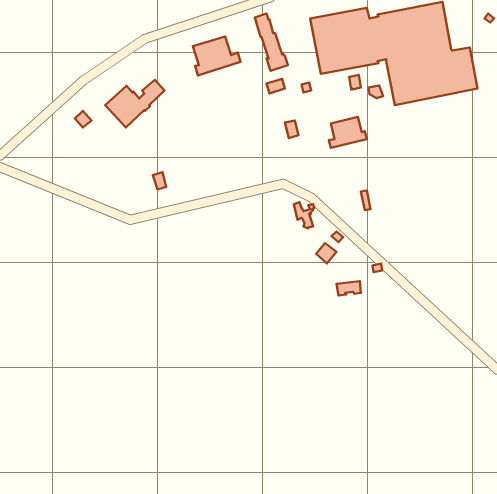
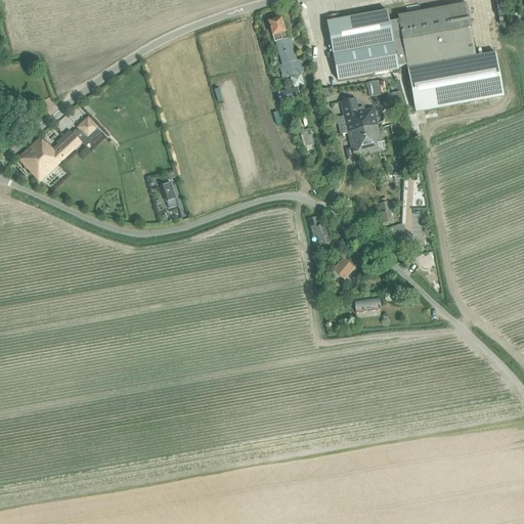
building: [193,36,241,75] -> none
building: [105,80,165,128] -> [17,129,80,179]
building: none -> [337,96,377,131]

